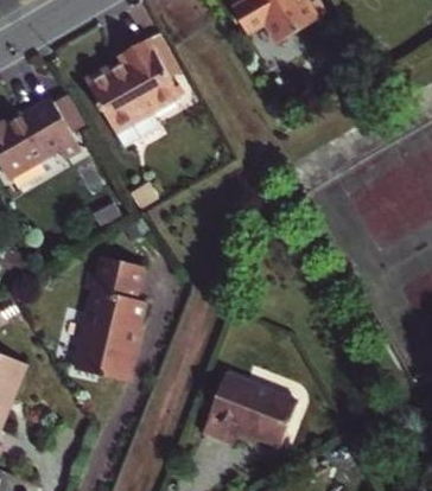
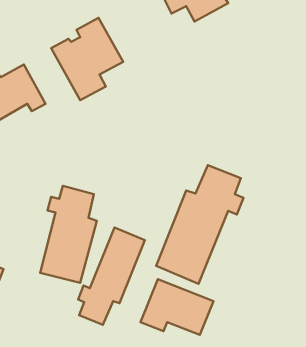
building: none -> [156,165,243,284]
building: none -> [78,227,145,325]

